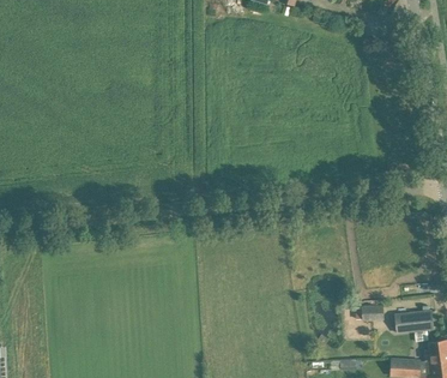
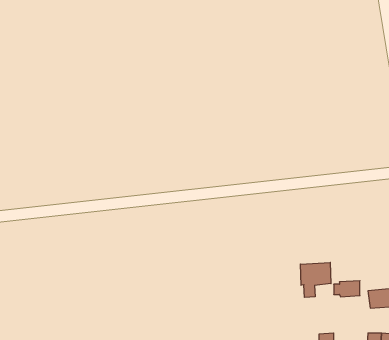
building: none -> [300,262,331,297]

